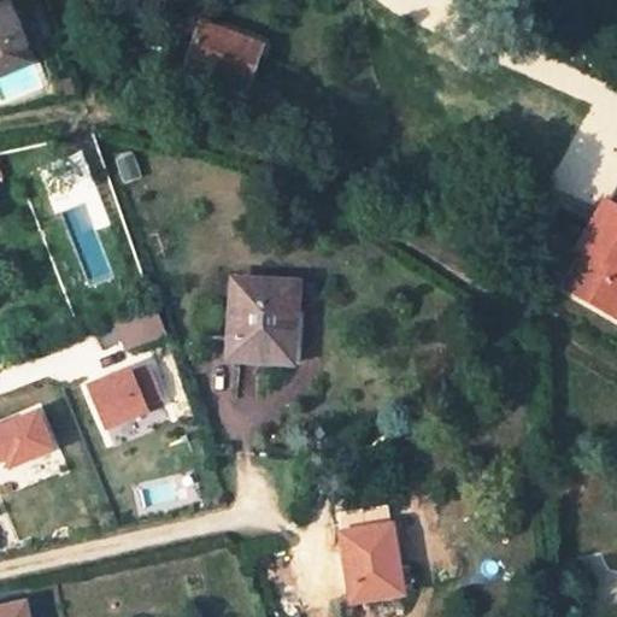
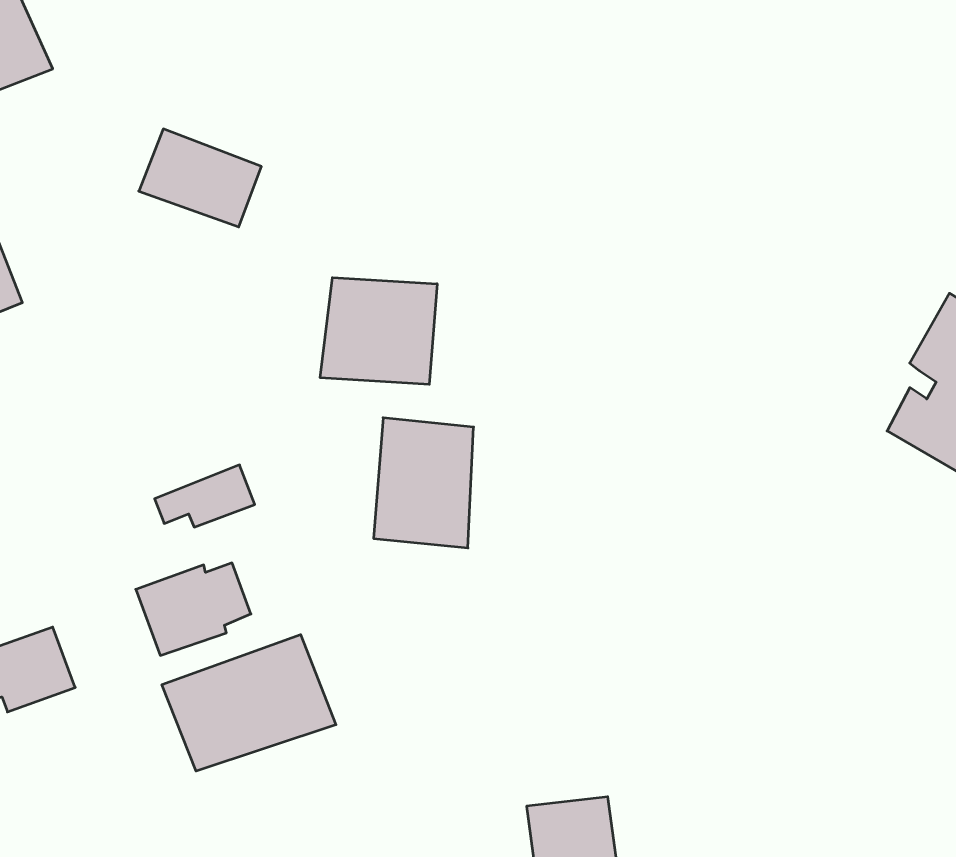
building: [182,19,260,82] -> [139,129,261,227]
building: none -> [320,278,437,384]
building: none -> [162,635,336,771]

